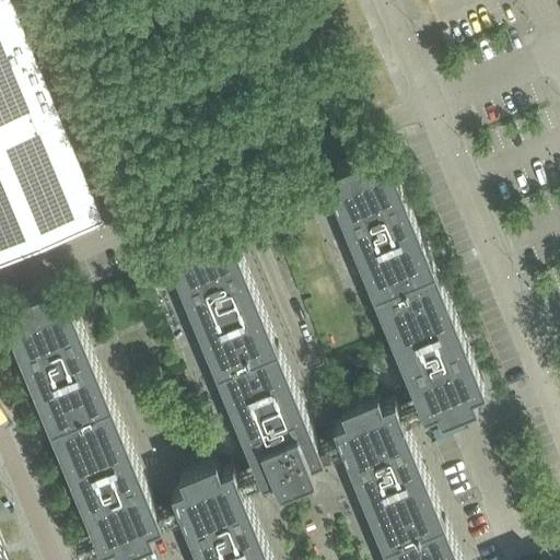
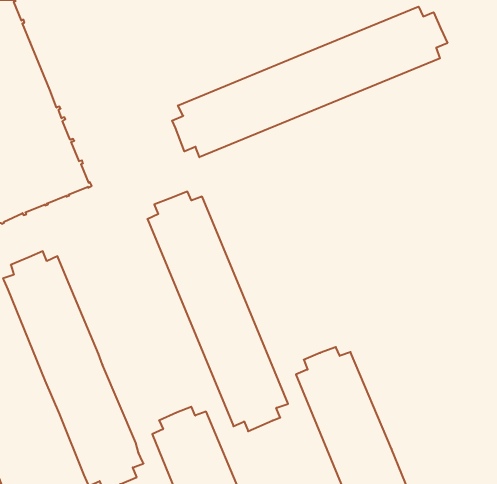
building: none -> [172,7,447,157]
building: [327,165,485,433] -> none

